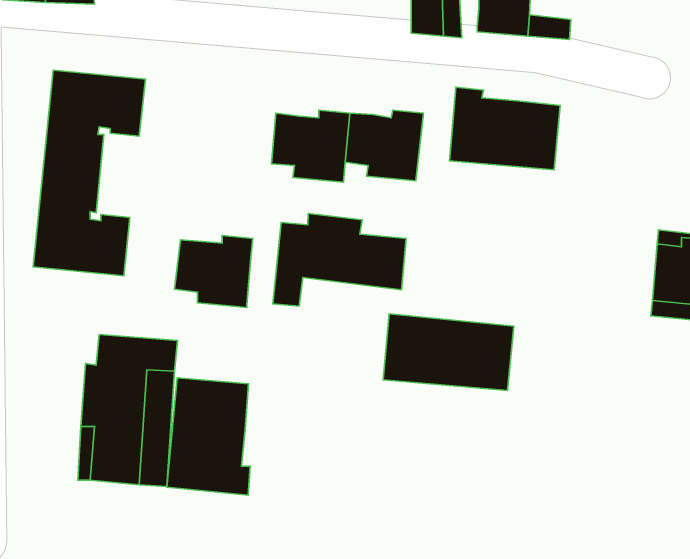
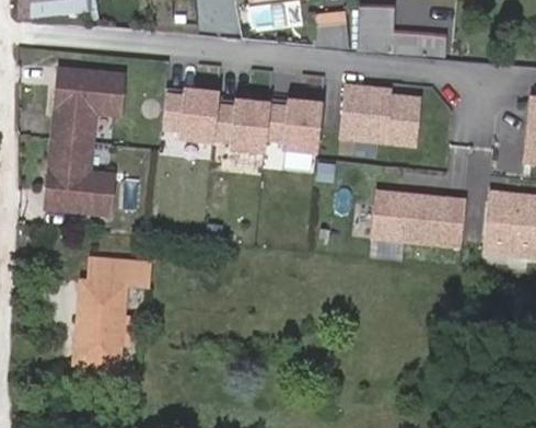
building: [273,214,406,306] -> none
building: [174,235,253,308] -> [161,89,217,140]
building: [383,314,514,391] -> [372,188,465,243]
building: [167,378,250,495] -> none

